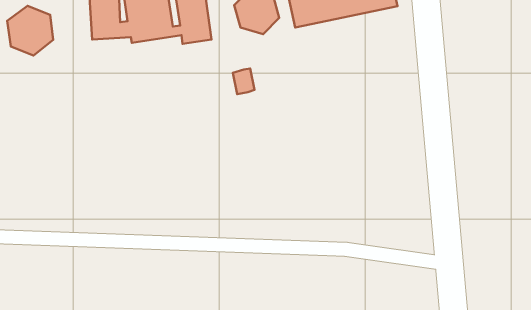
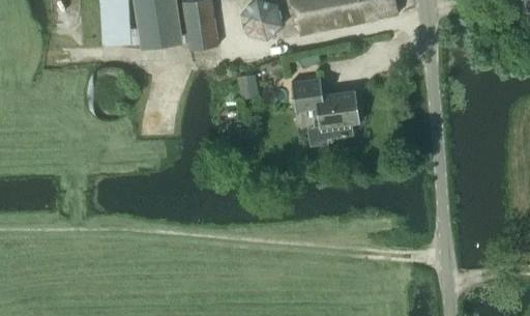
building: [7,6,53,56] -> none
building: none -> [292,78,360,146]

